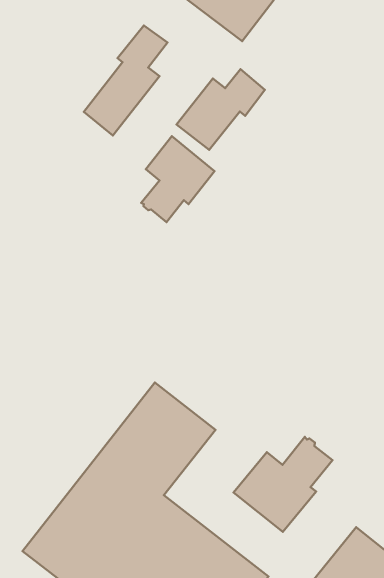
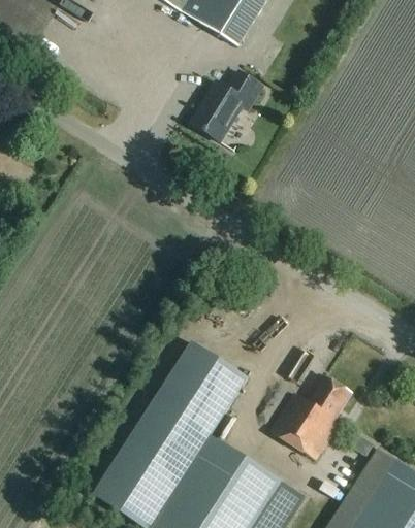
building: [84,26,168,135] -> none
building: [141,136,214,222] -> none

